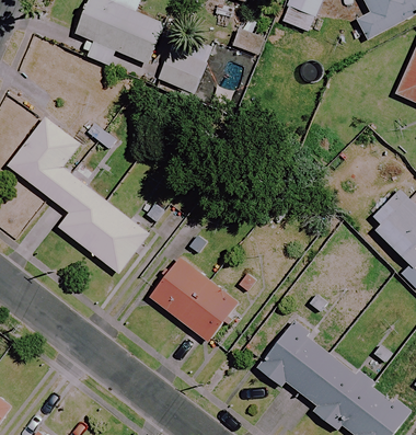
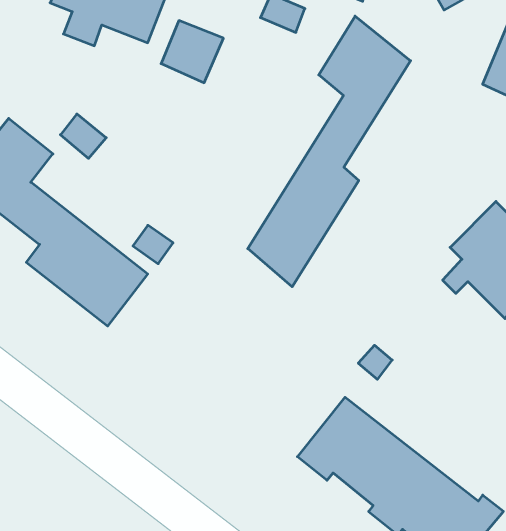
building: none -> [248,16,411,287]
building: [151,257,239,342] -> none

